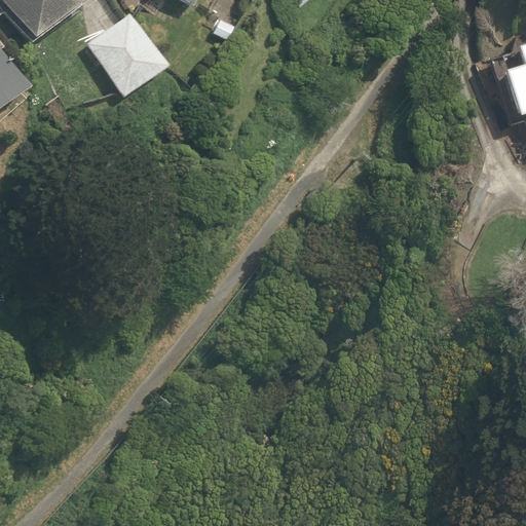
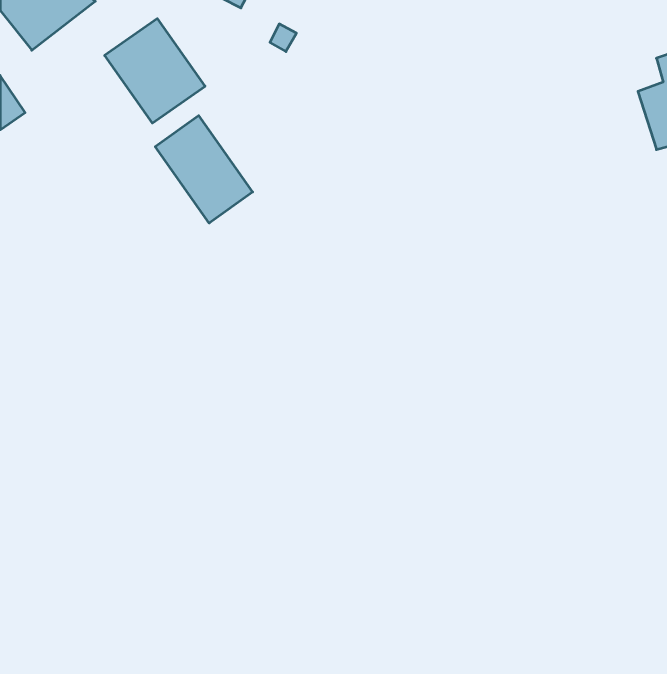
building: none -> [155,116,253,223]

